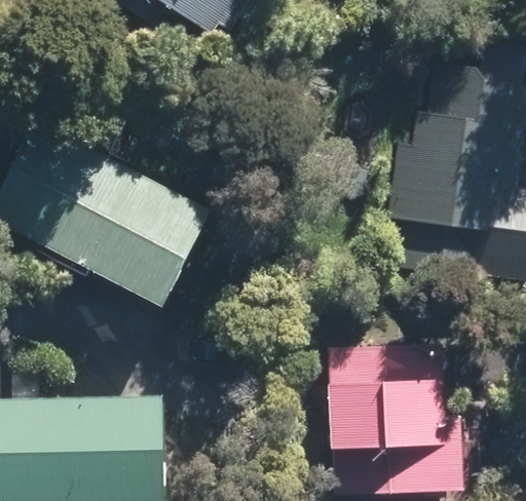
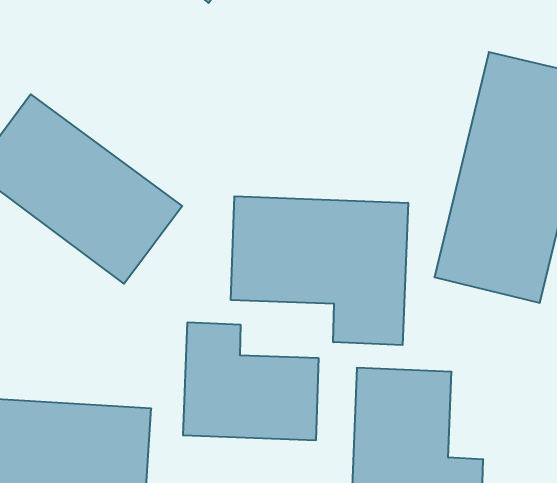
building: none -> [231,196,408,345]
building: none -> [183,322,318,440]

